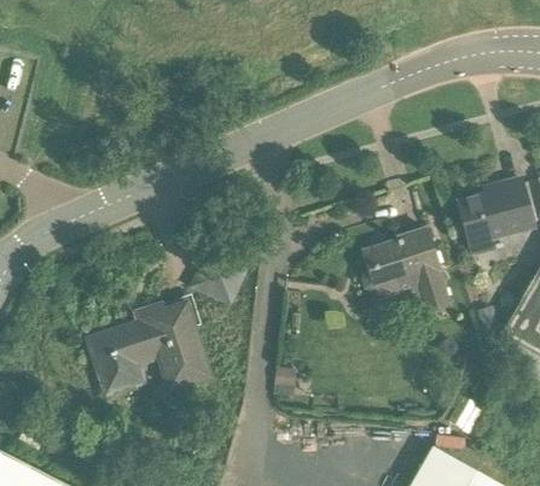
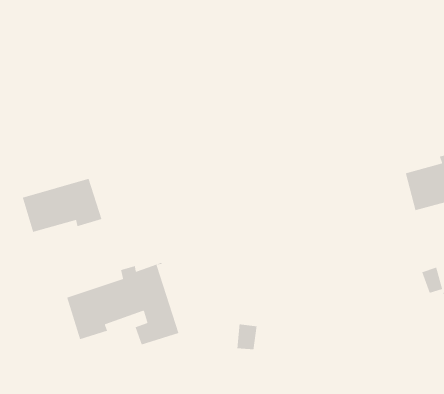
building: none -> [22,178,102,233]
building: [365,229,451,314] -> none

